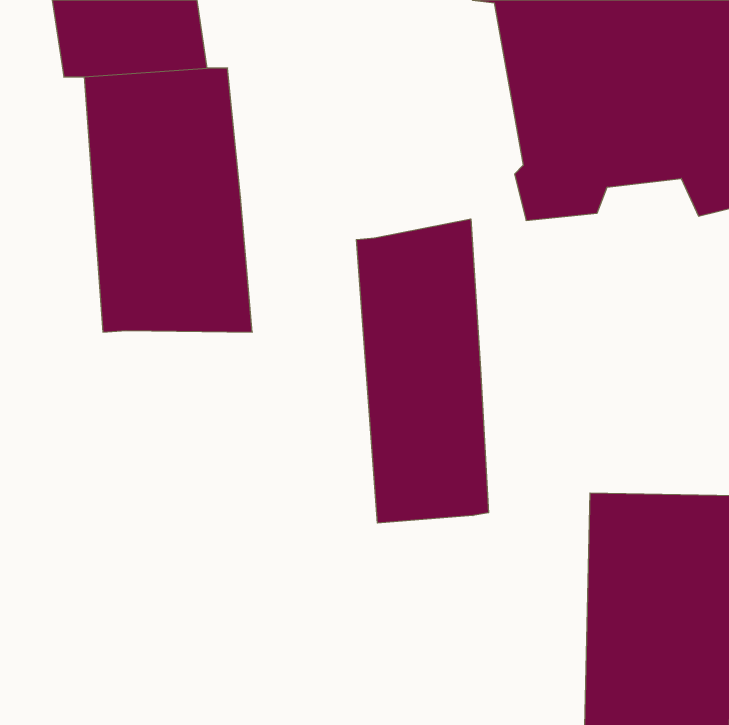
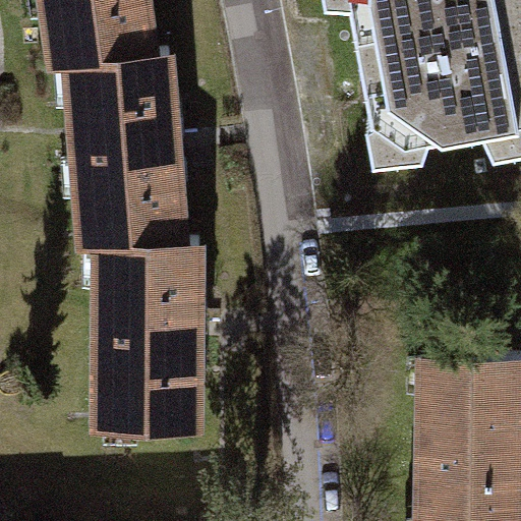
building: [356,219,489,523] -> none
building: none -> [95,243,199,429]

